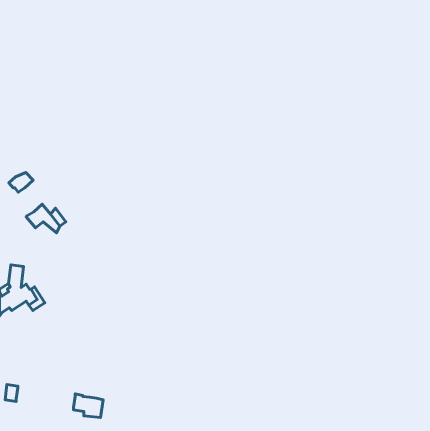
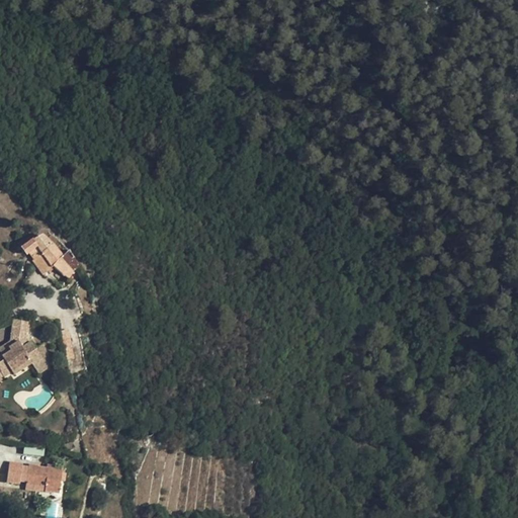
building: [9,173,33,192] -> [21,236,51,259]
building: [74,394,103,417] -> [25,463,61,492]

